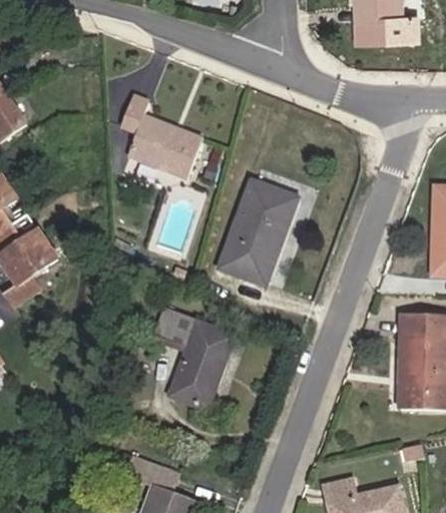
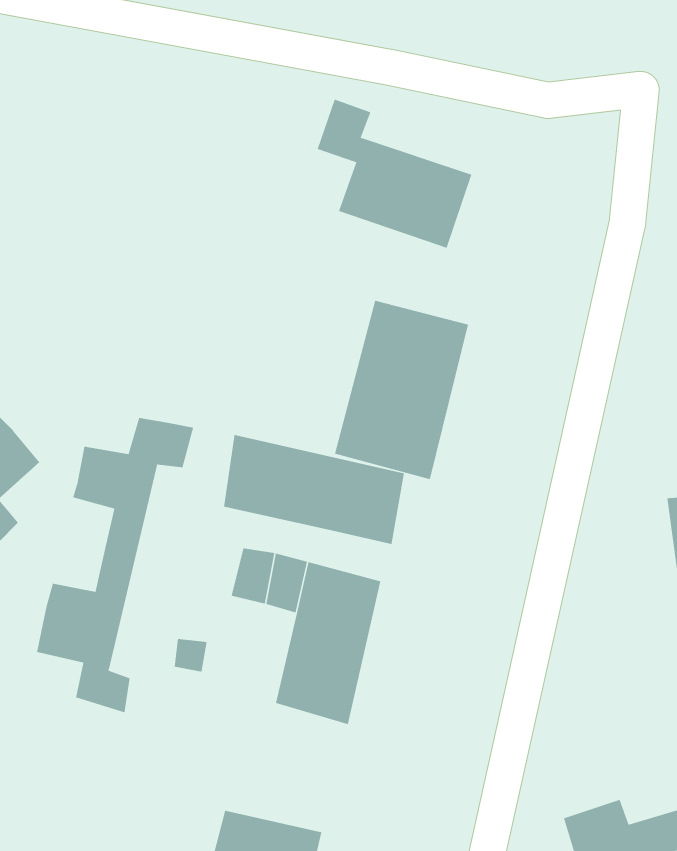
building: [122,87,204,176] -> [317,99,472,249]
building: none -> [36,417,194,713]
building: none -> [223,434,404,545]

